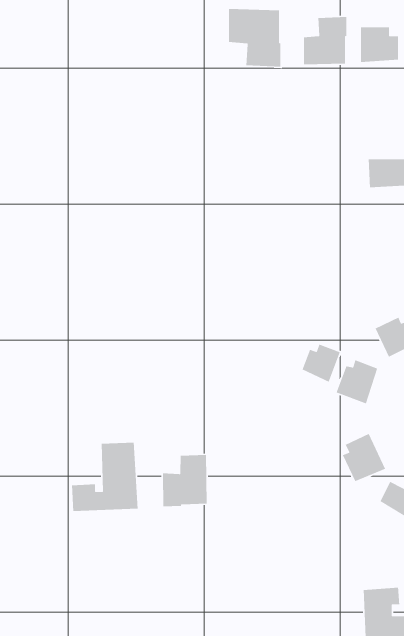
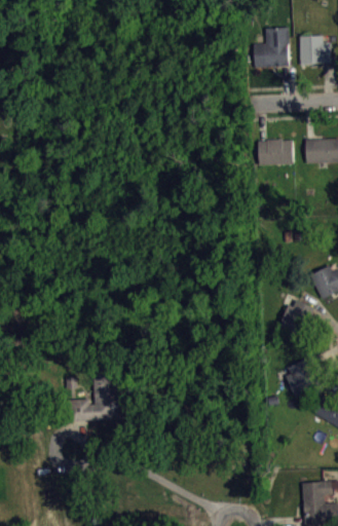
building: [228,8,281,67] -> none
building: none -> [257,140,293,163]
building: [302,344,341,383] -> none
building: [162,454,207,507] -> none

